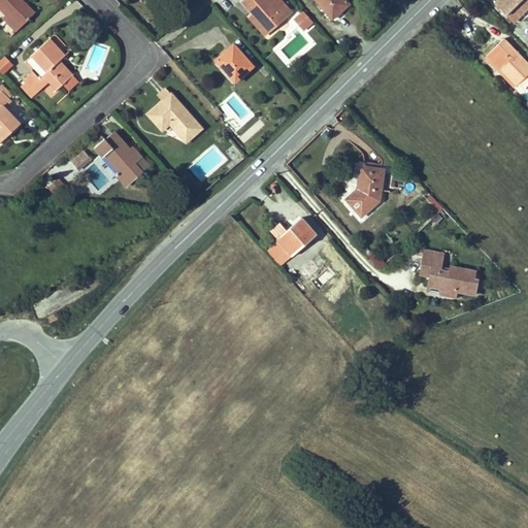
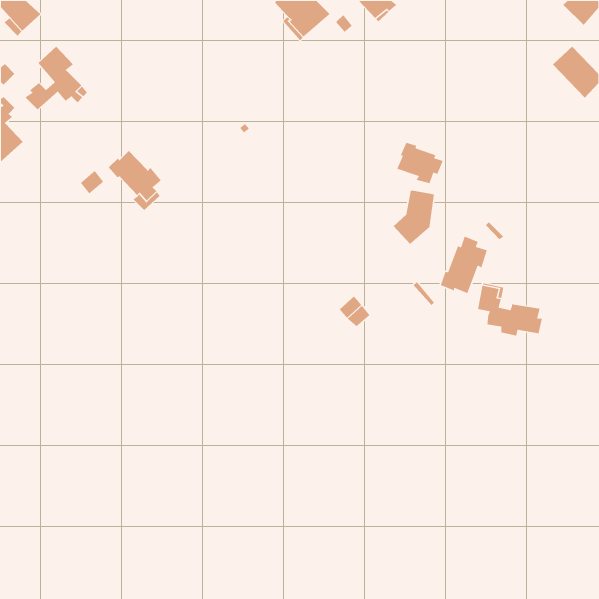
building: [216,44,254,82] -> none
building: [148,90,202,141] -> none
building: none -> [396,142,444,184]
building: none -> [440,236,488,294]
building: [267,218,316,266] -> none

